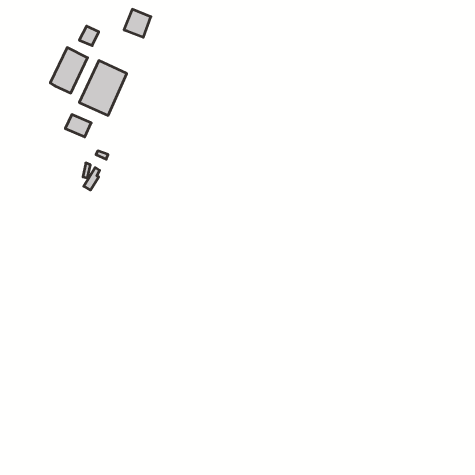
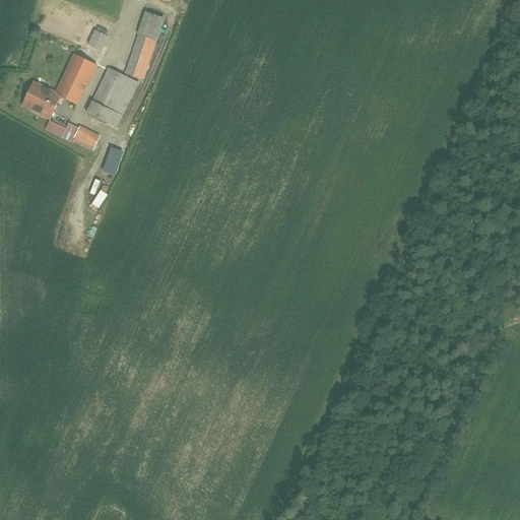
building: none -> [124,34,156,79]
building: none -> [20,80,60,119]

